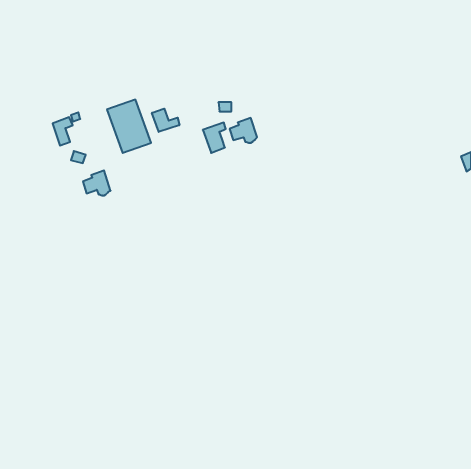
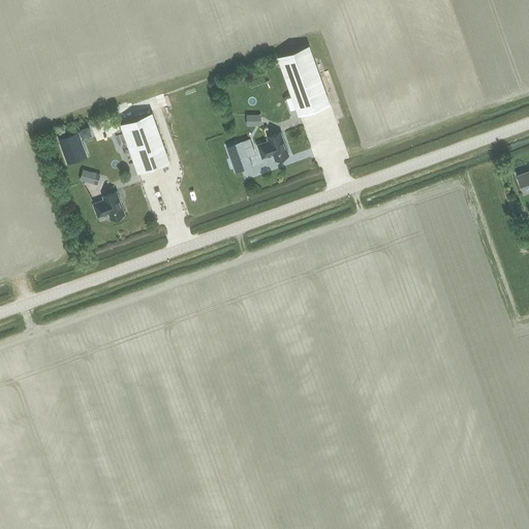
building: none -> [277,48,330,117]
building: [152,109,179,132] -> none

